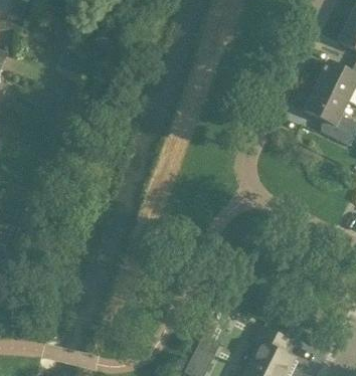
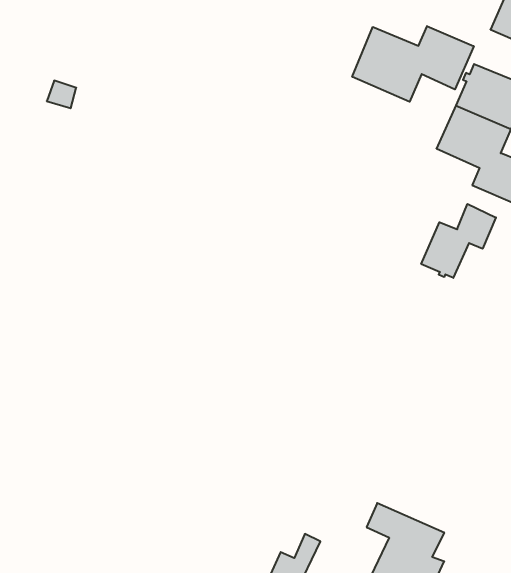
building: none -> [352,26,474,102]
building: none -> [421,204,496,278]

